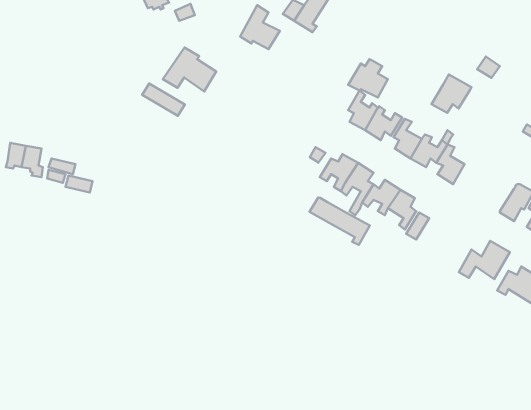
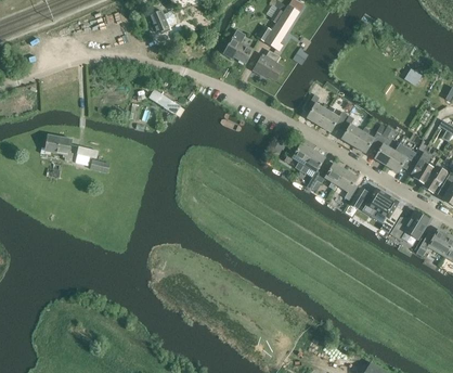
building: [163,48,216,92] -> none
building: [348,59,388,98] -> [253,51,283,80]
building: [432,74,471,113] -> [386,143,416,172]
building: none -> [411,151,433,186]
building: [310,197,370,245] -> none
building: none -> [363,188,401,232]

